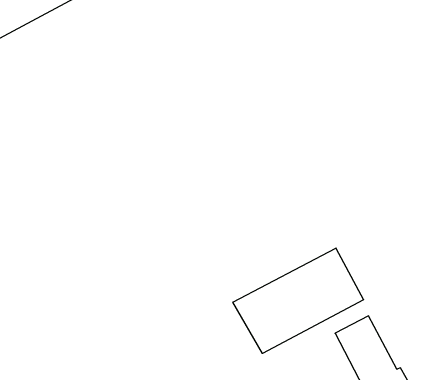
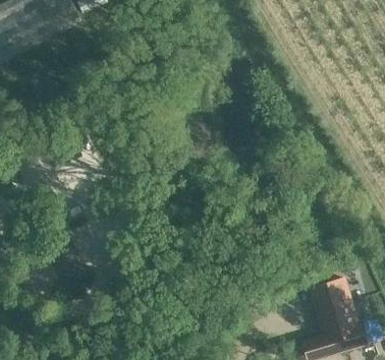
building: [233,248,364,353] -> none

